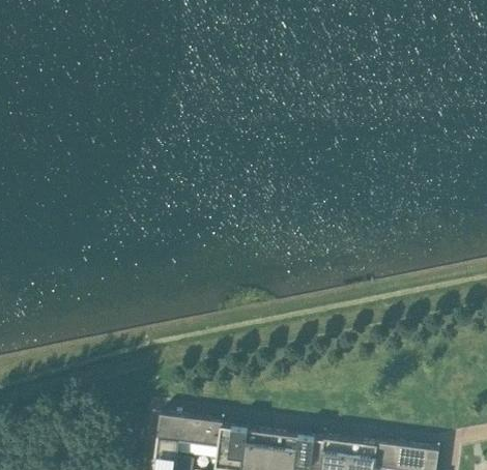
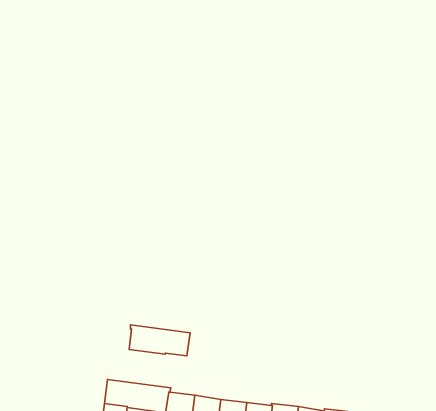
building: none -> [129,325,190,356]

